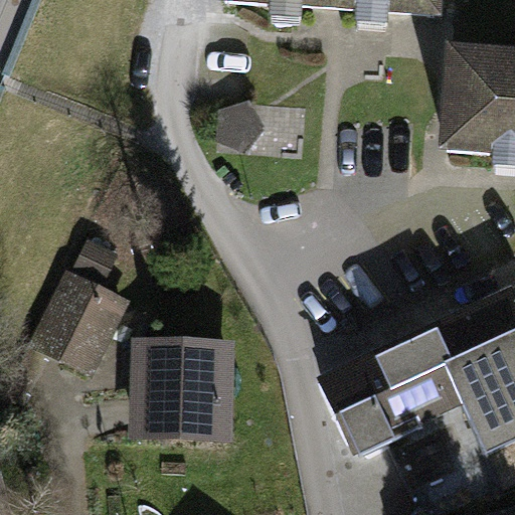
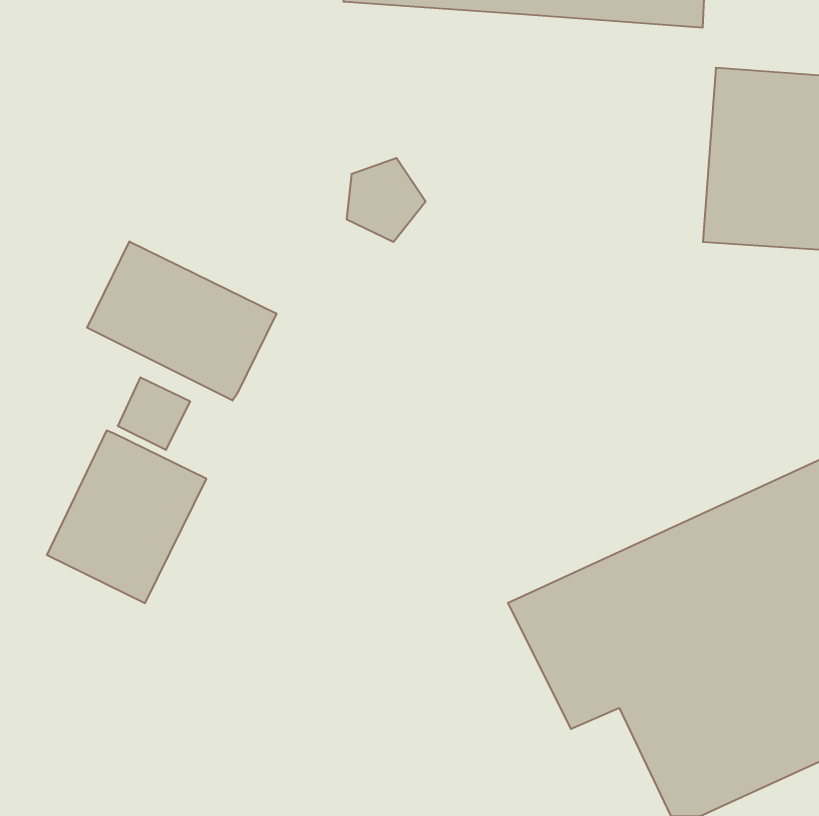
building: none -> [87,241,276,401]
building: [132,336,235,442] -> none

